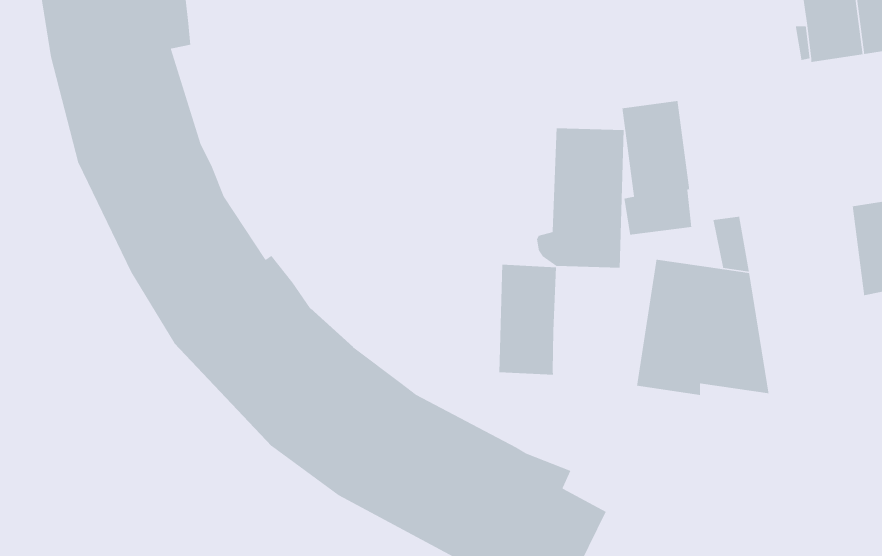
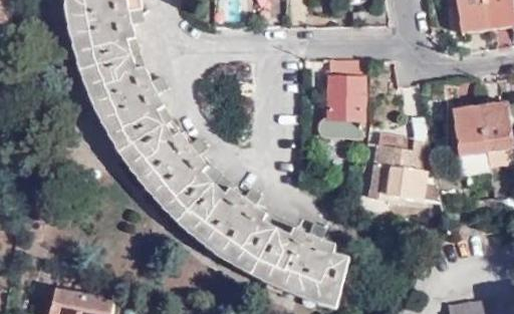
building: [621,100,692,235] -> [451,106,487,176]
building: [498,264,557,376] -> none

